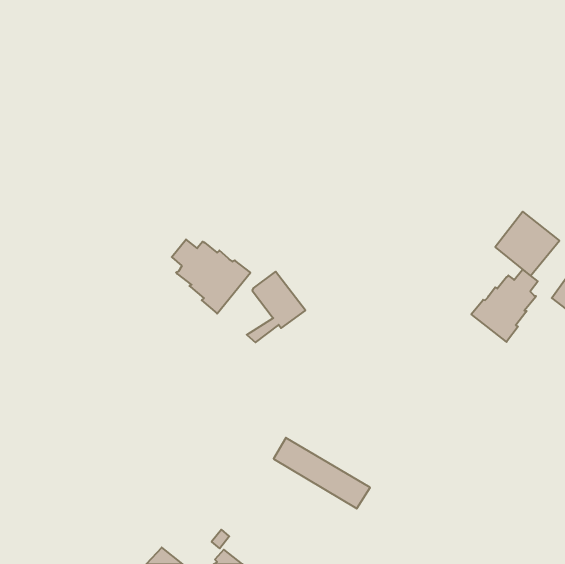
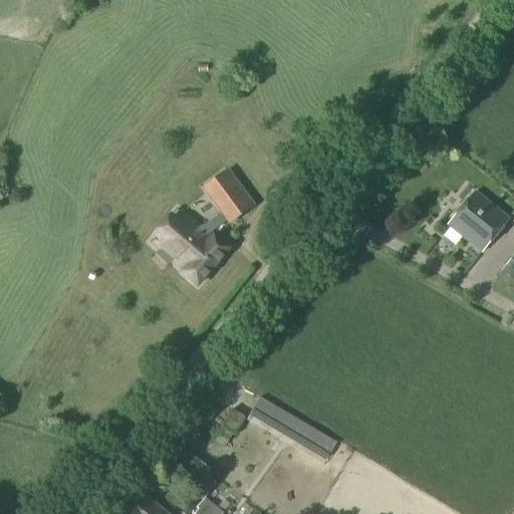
building: [471,269,538,342] -> none
building: [247,272,305,342] -> [200,170,253,234]

